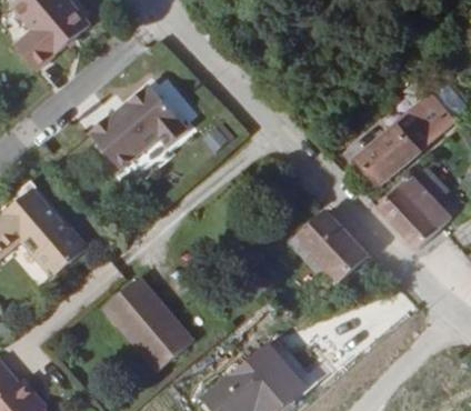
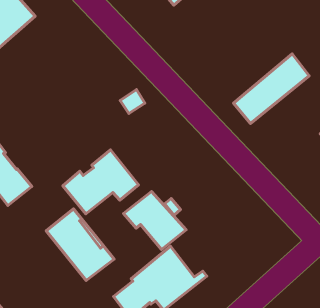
building: [89,87,188,170] -> [63,150,139,214]
building: [378,168,451,241] -> none
building: [280,204,362,280] -> [123,191,186,249]

